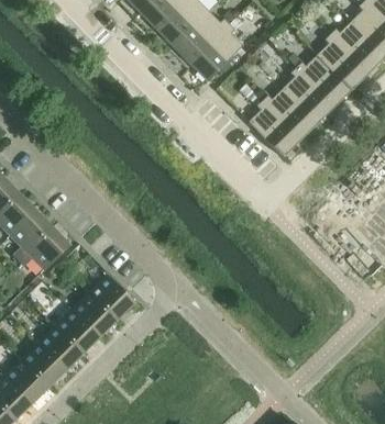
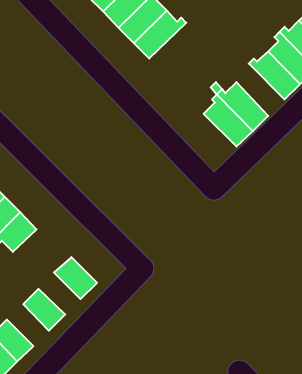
building: [189,25,243,81] -> none
building: [283,69,334,125] -> none
building: [70,293,116,338] -> none
building: [36,327,81,372] -> none

